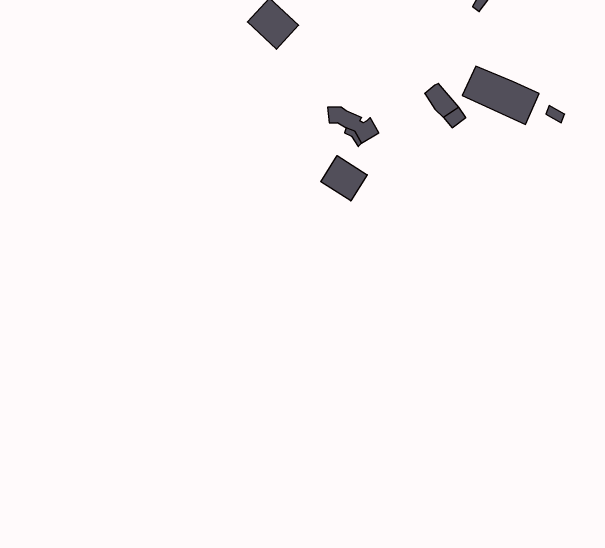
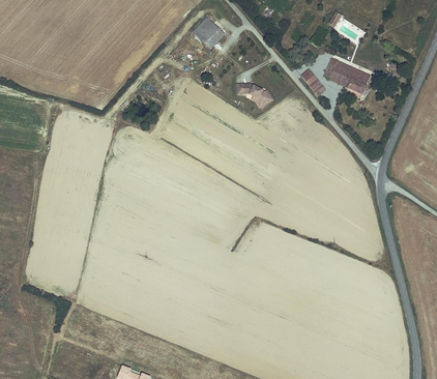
building: [321,156,367,201] -> none

